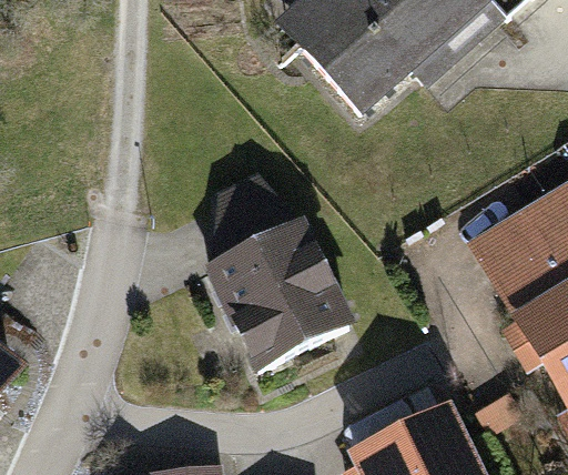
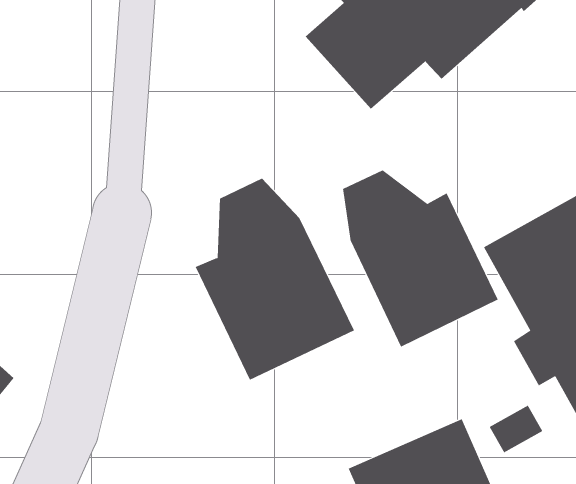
building: none -> [343,170,499,348]

